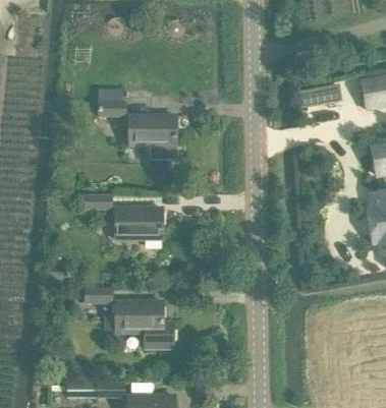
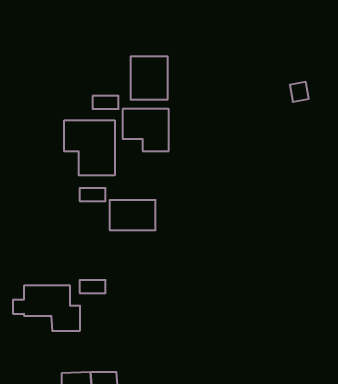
building: none -> [131,56,168,100]
building: none -> [64,120,115,175]
building: [105,300,173,346] -> [13,286,80,331]

